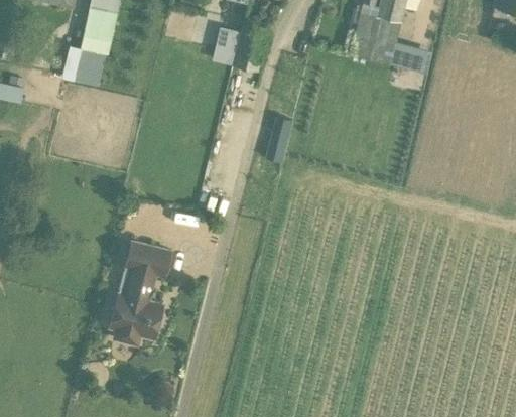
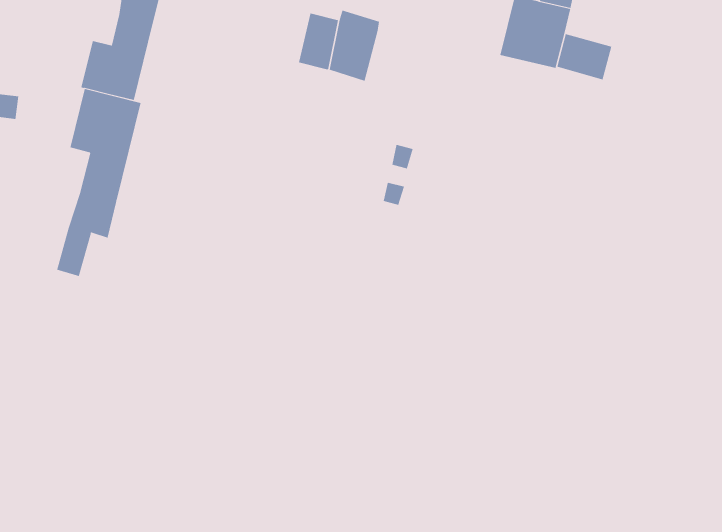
building: none -> [57,88,141,277]
building: [109,240,170,343] -> none

